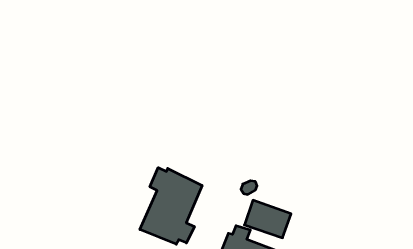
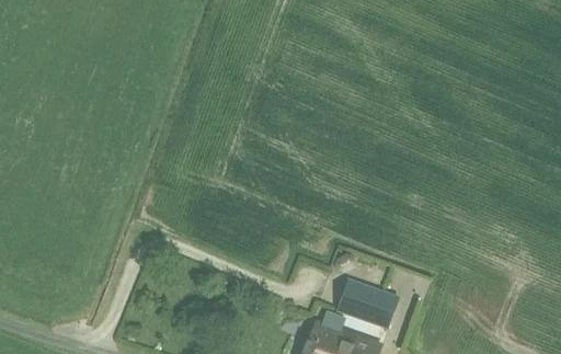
building: [140,168,202,244] -> none

